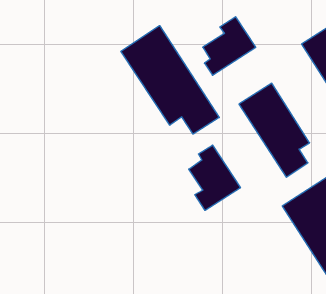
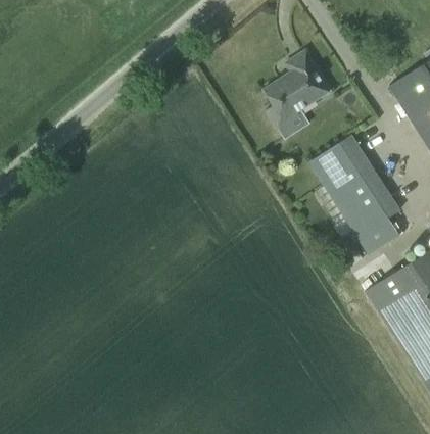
building: [121,26,219,134] -> none
building: [189,145,240,210] -> none

